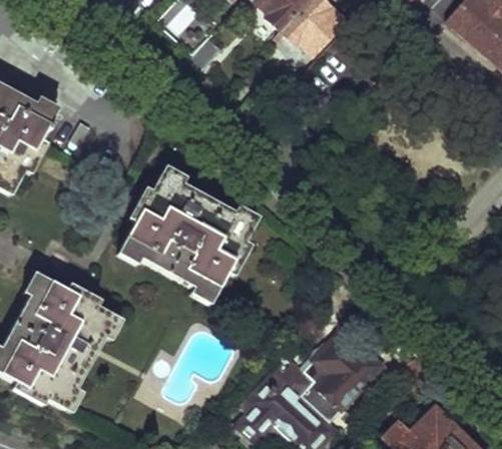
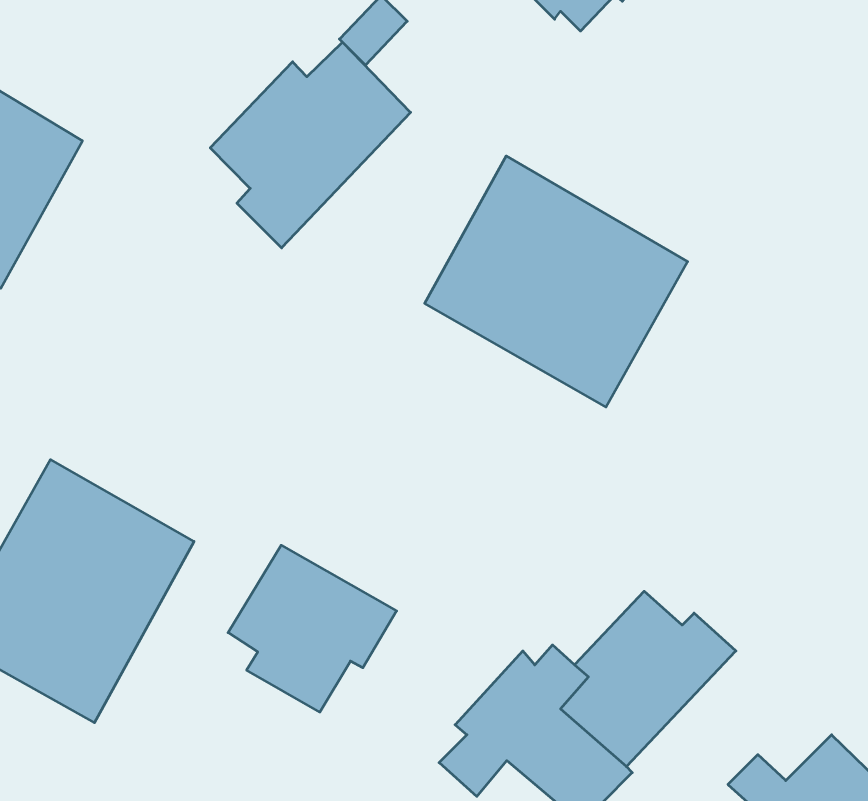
building: none -> [210,42,411,248]
building: [122,170,255,297] -> [425,156,688,407]
building: none -> [228,545,397,712]

